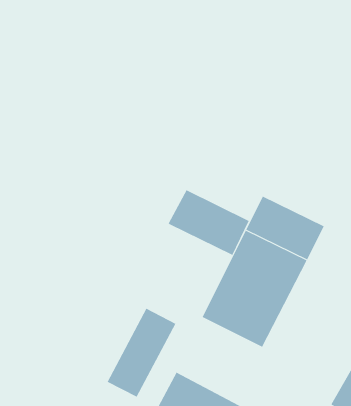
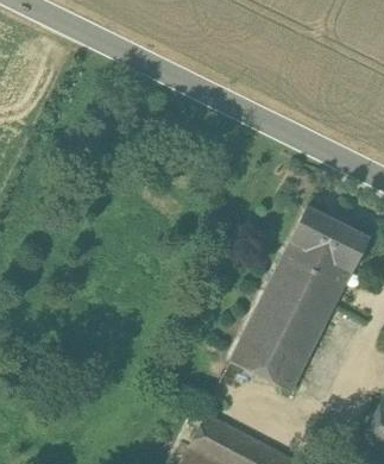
building: [168,189,249,256] -> [290,205,370,270]
building: [107,308,176,398] -> none

